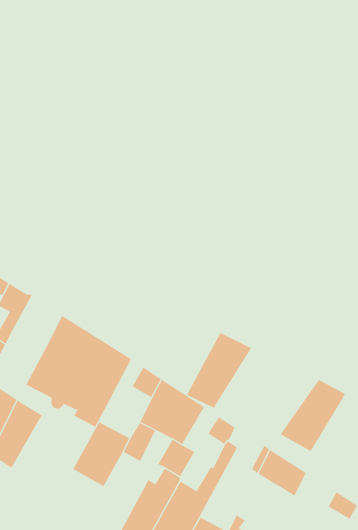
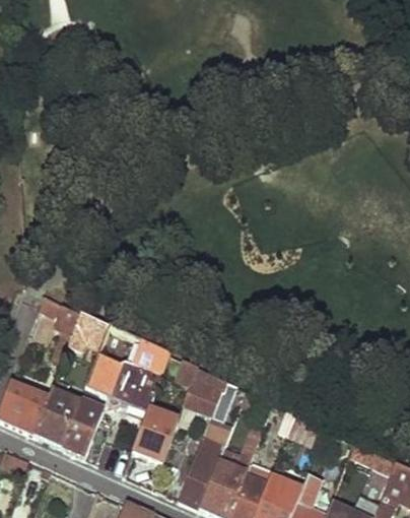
building: none -> [70,312,109,354]
building: [186,332,252,408] -> none
building: [280,379,346,452] -> none

